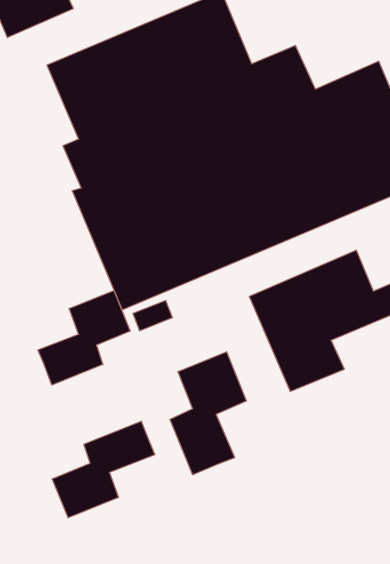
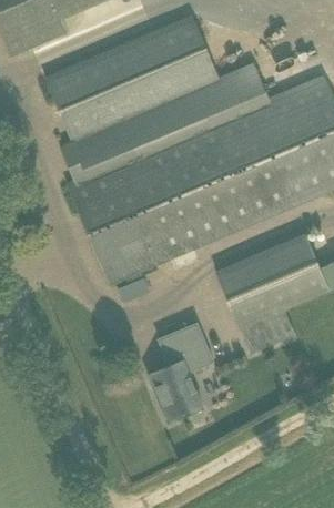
building: [38,291,130,385] -> none
building: [52,421,155,518] -> none

